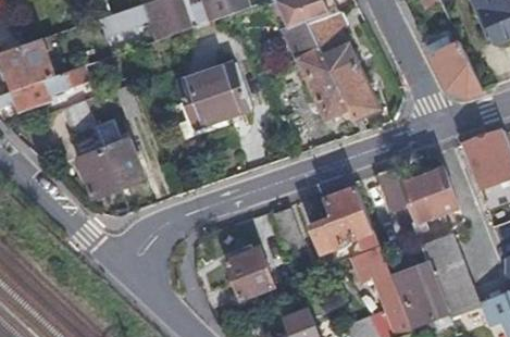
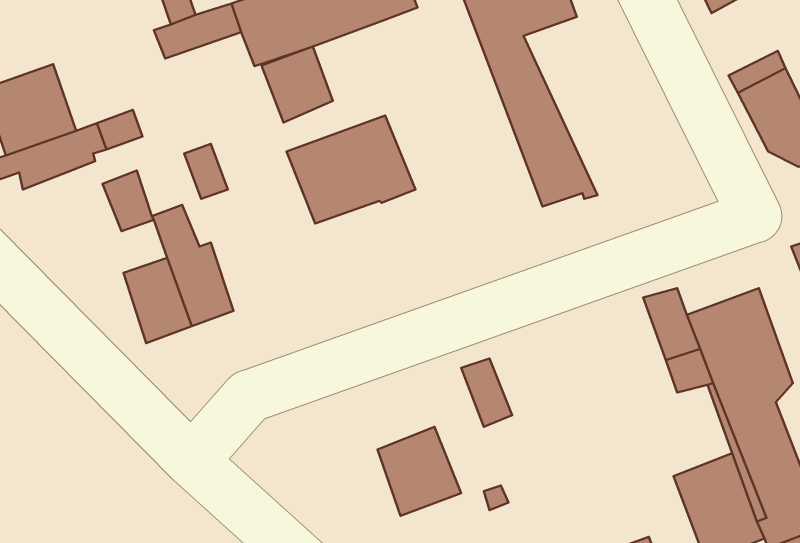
building: [309,12,370,114] -> none
building: none -> [261,47,333,122]
building: [323,187,399,304] -> none

